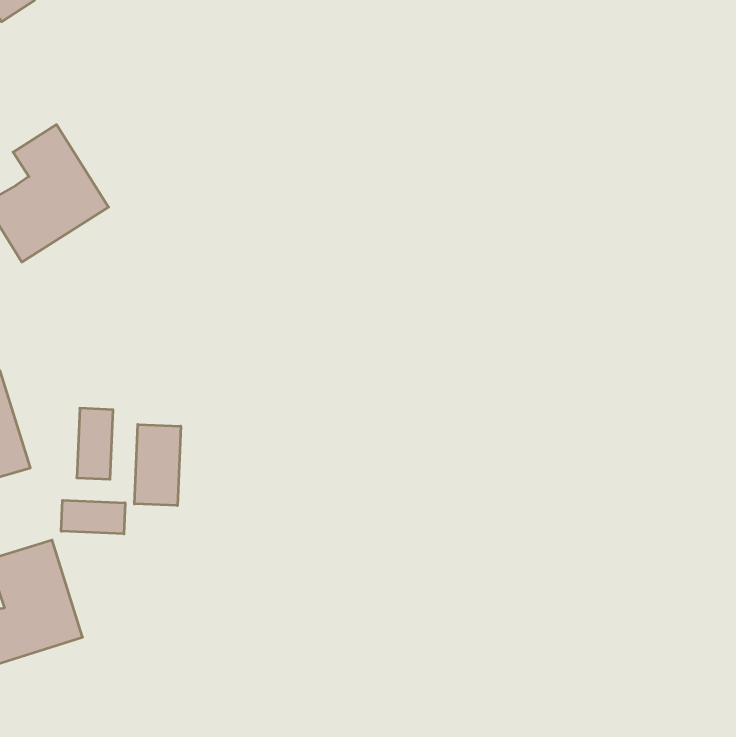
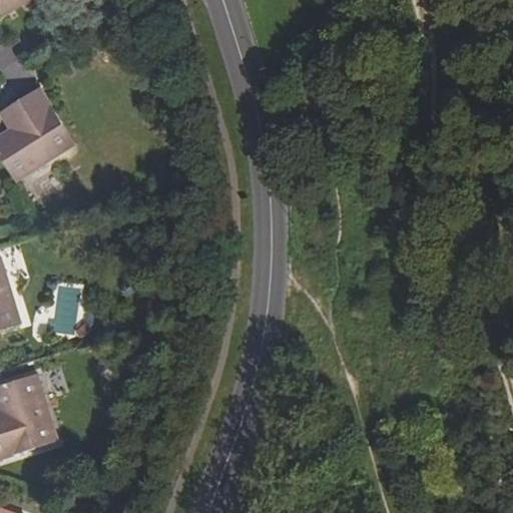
building: [134,424,181,506] -> none
building: [61,500,125,534] -> none

